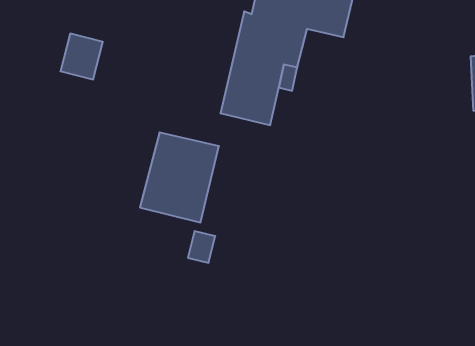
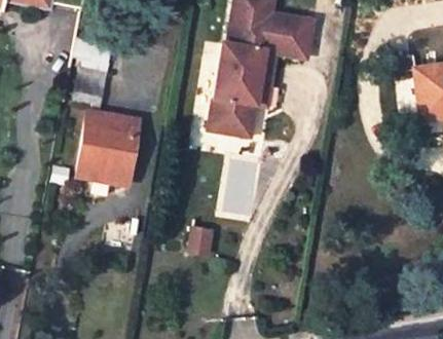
building: [140,132,219,222] -> [76,113,139,186]

